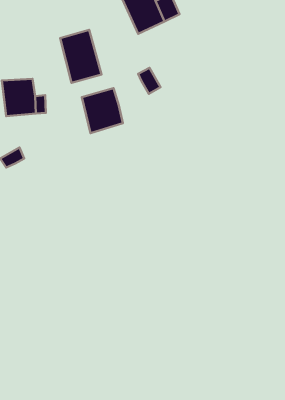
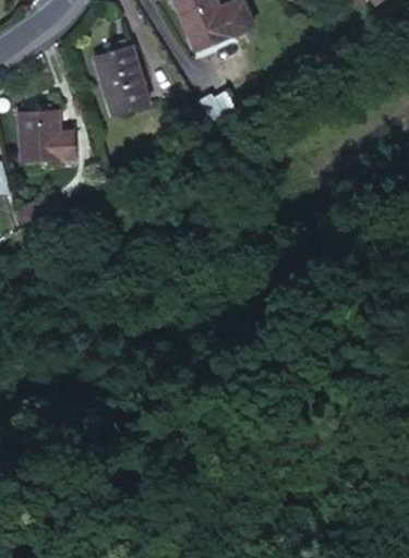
building: [82,88,123,133] -> none

